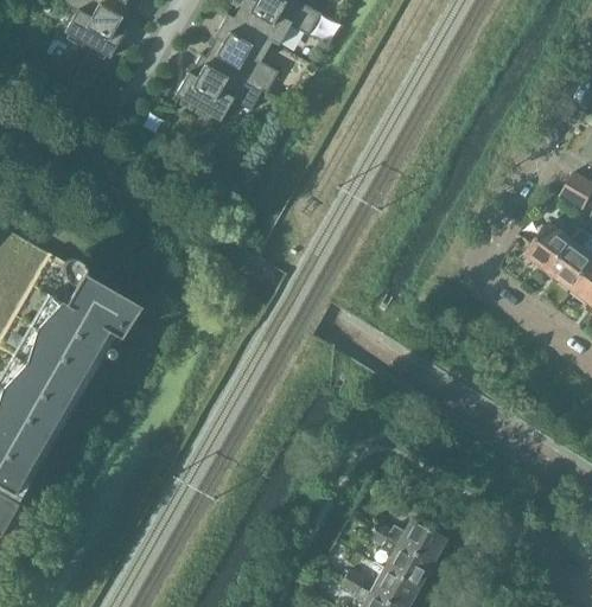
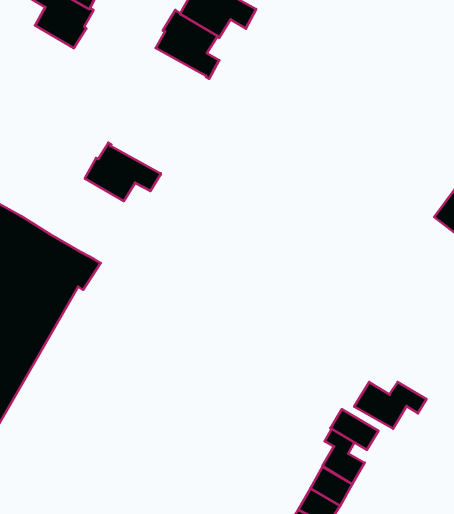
building: [174,56,262,123] -> [85,143,161,201]
building: none -> [354,382,426,429]
building: none -> [330,409,378,450]

